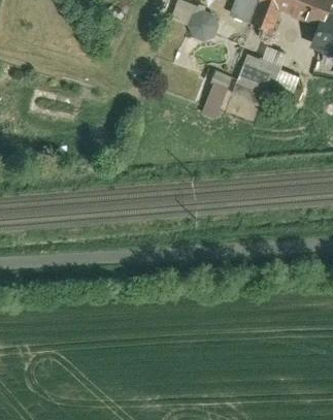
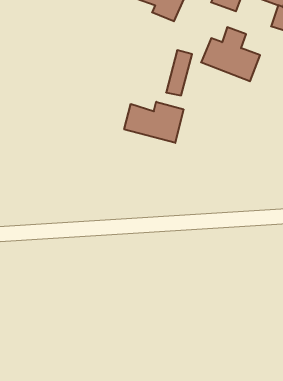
building: none -> [124,102,183,143]

